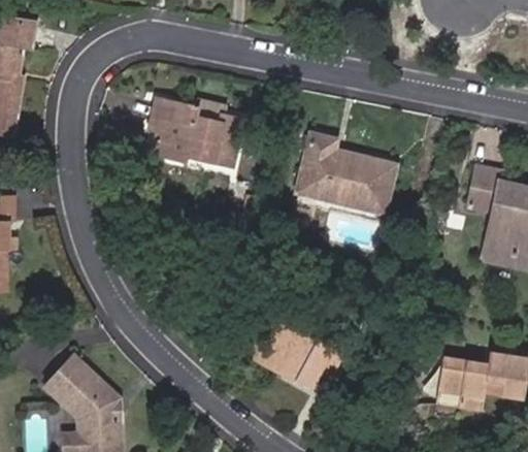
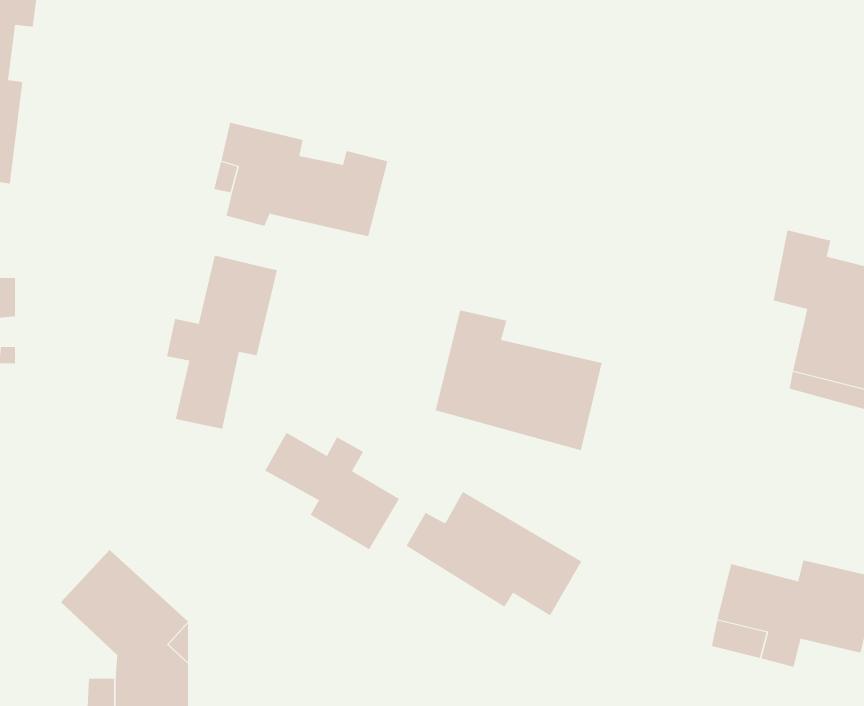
building: [291,133,389,216] -> [435,310,603,451]
building: none -> [166,255,277,430]
building: none -> [265,432,400,550]

